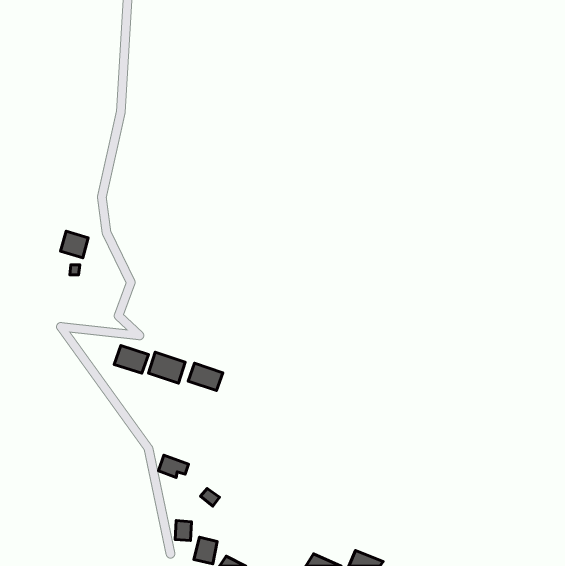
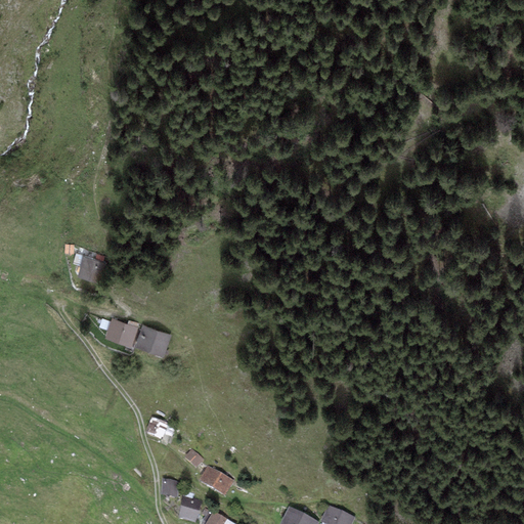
building: [61,231,88,258] -> [79,257,104,281]
building: [188,363,223,391] -> none
building: none -> [202,469,232,495]

